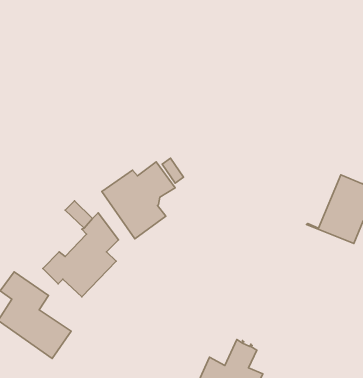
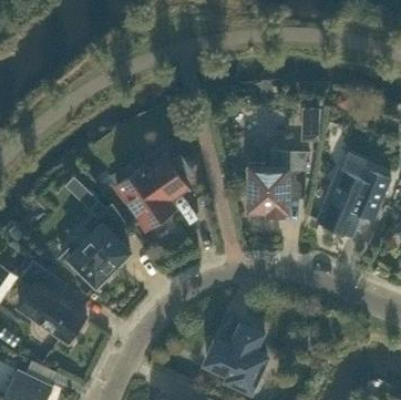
building: none -> [246,153,306,217]

